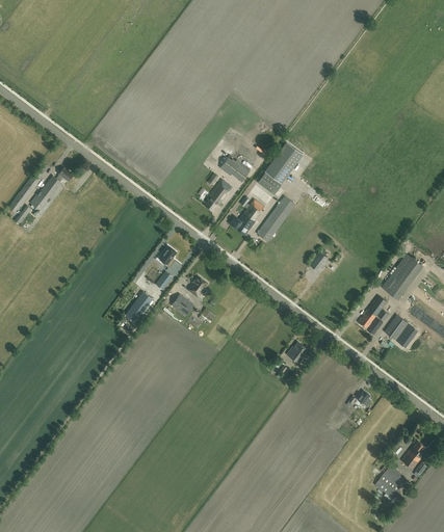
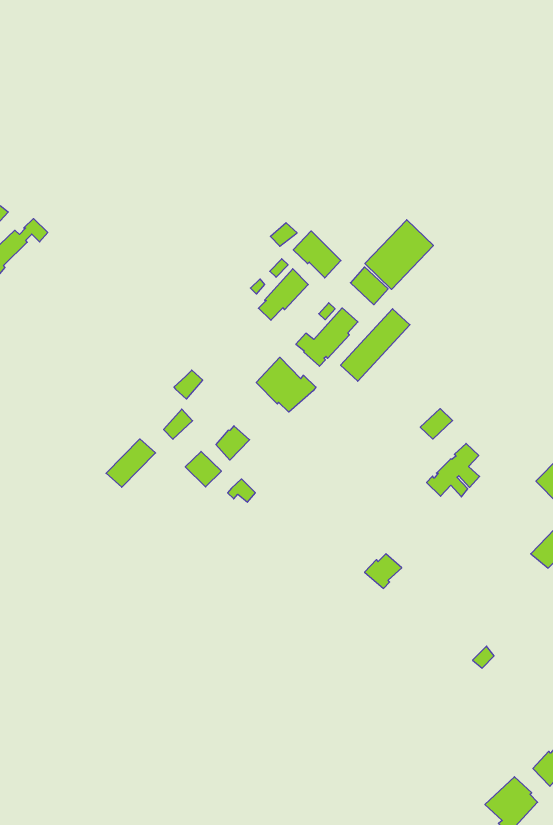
building: none -> [256,357,316,412]
building: [358,295,389,328] -> [427,443,480,497]

